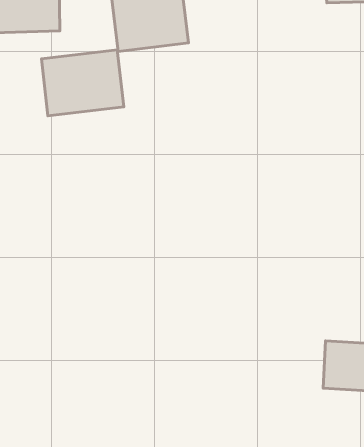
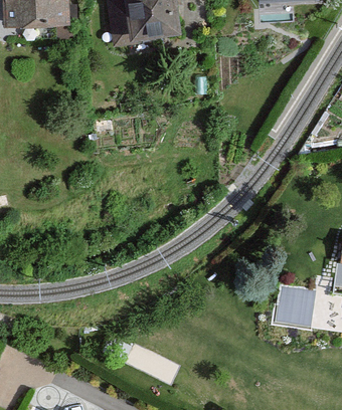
building: [41,50,124,116] -> none

